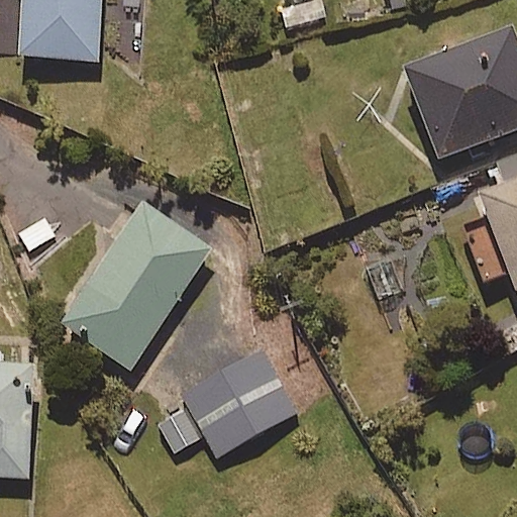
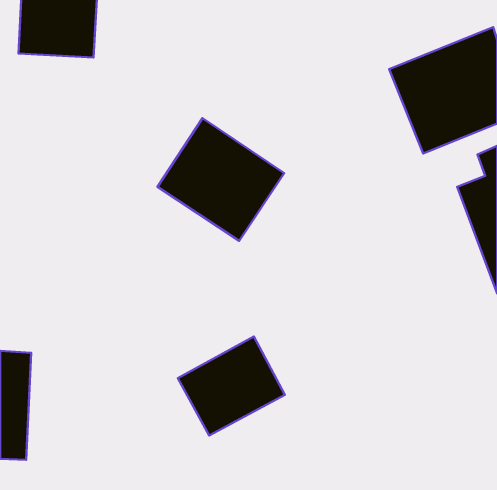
building: none -> [157,118,284,241]
building: [62,203,210,370] -> none

